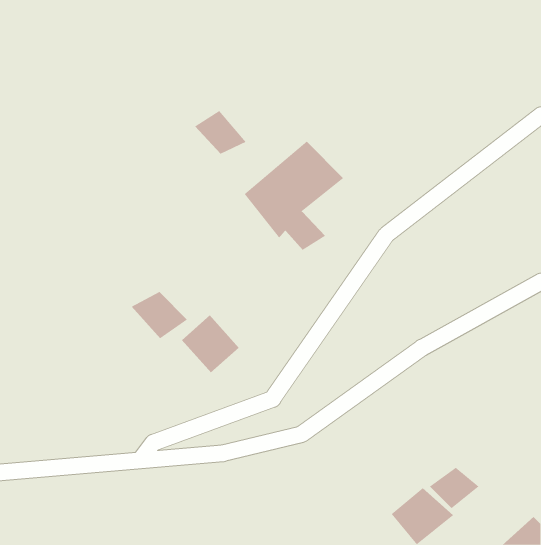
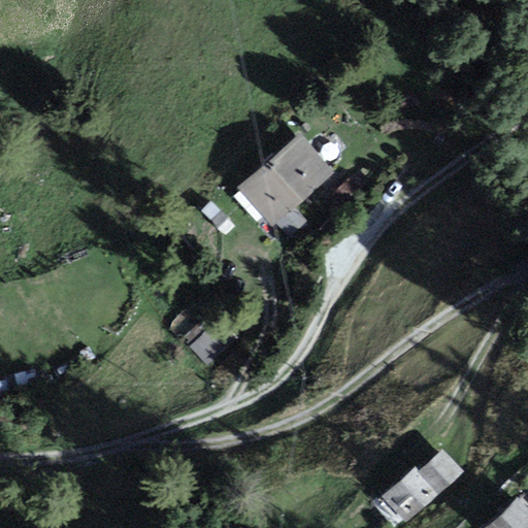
building: [194,110,246,154] -> none
building: [131,291,188,339] -> none

